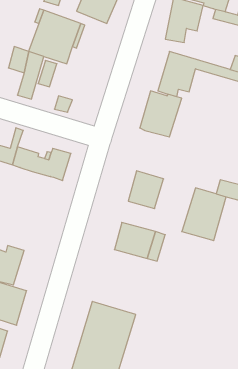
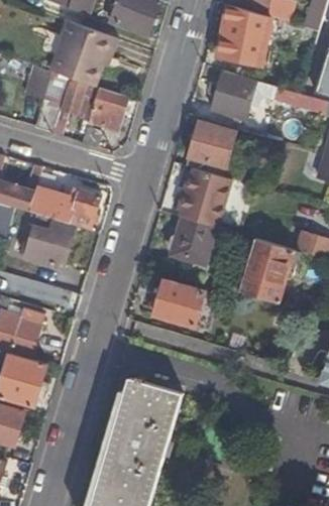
building: none -> [87,87,128,131]
building: none -> [178,167,230,227]
building: none -> [26,213,76,266]

